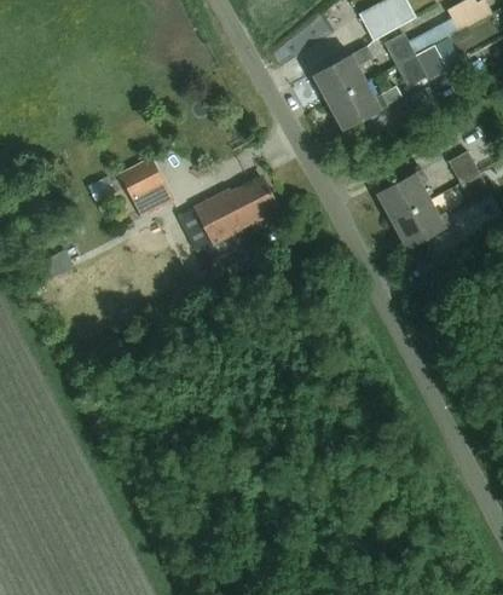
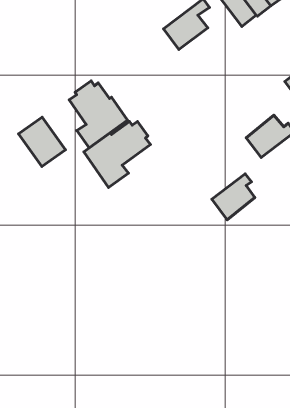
building: [328,82,401,129] -> none
building: none -> [69,81,127,148]
building: [377,169,429,221] -> [212,174,255,220]

